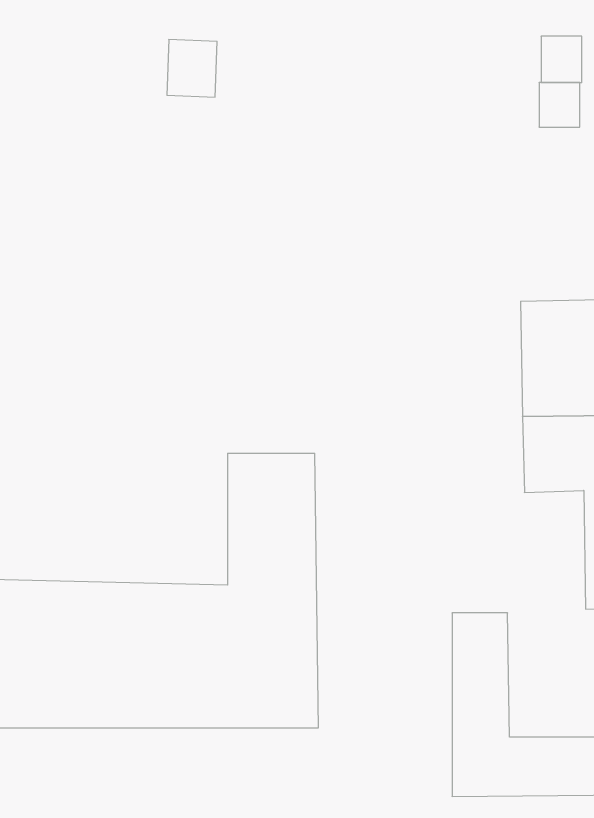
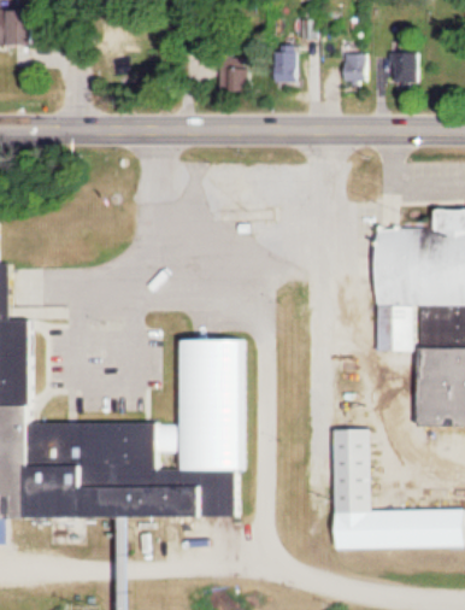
building: none -> [271,48,296,84]
building: [167,40,217,97] -> [214,59,247,96]
building: [539,83,580,127] -> [341,57,367,86]

